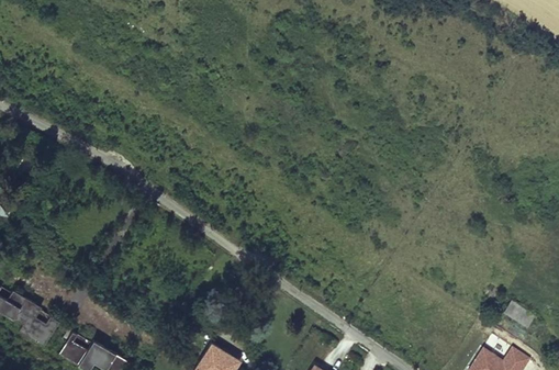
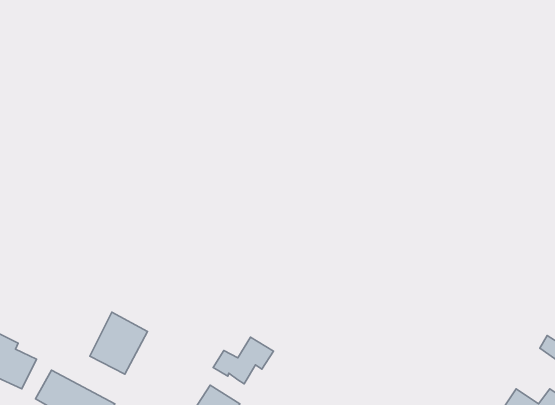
building: none -> [90,312,147,374]
building: none -> [213,337,273,384]

